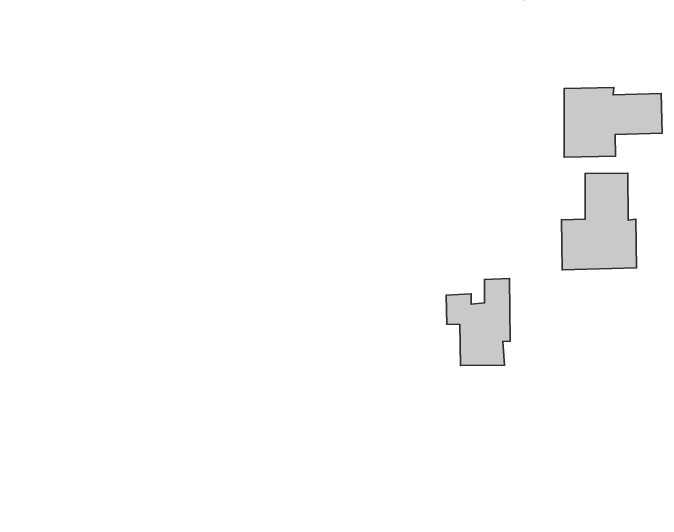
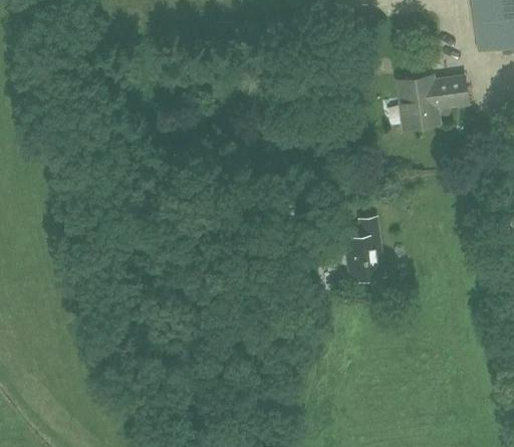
building: [561,173,636,270] -> none

